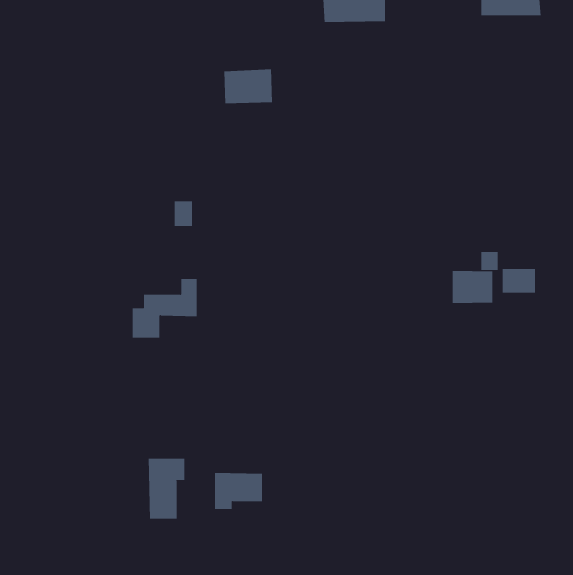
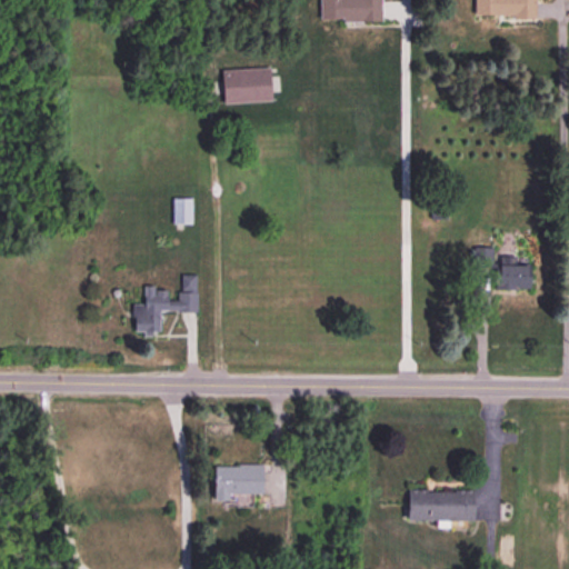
building: [452,270,493,304] -> none
building: [148,458,185,520] -> none
building: none -> [408,490,475,521]

